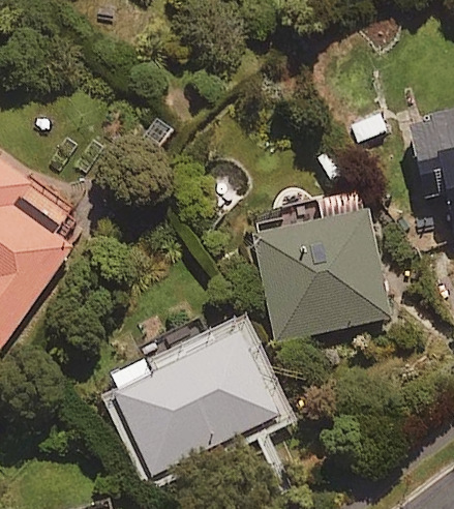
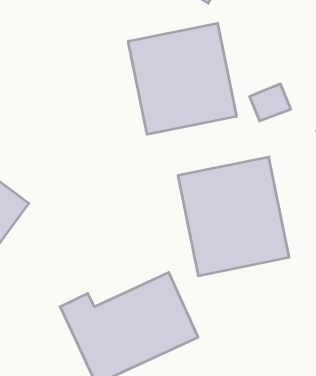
building: none -> [128,23,236,134]

